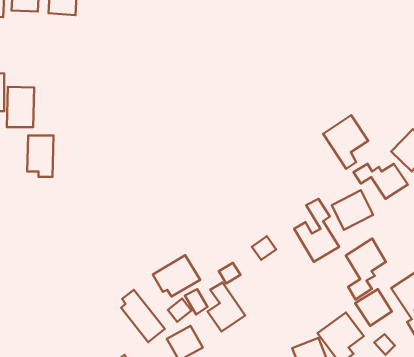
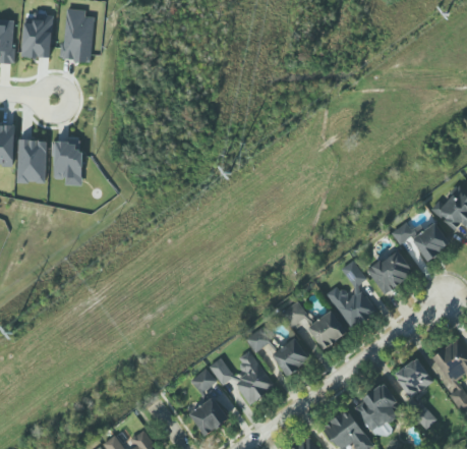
building: [323,115,368,169] -> none
building: [27,136,53,177] -> [53,141,81,185]
building: [346,239,386,299] -> none
building: none -> [306,312,346,350]
building: [153,255,200,296] -> none
building: none -> [271,338,309,377]
building: [121,290,165,342] -> none

